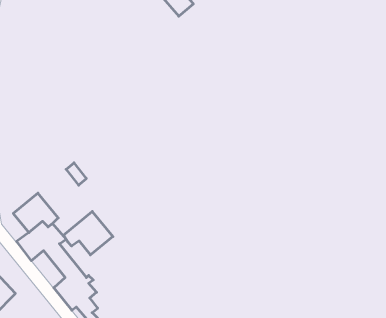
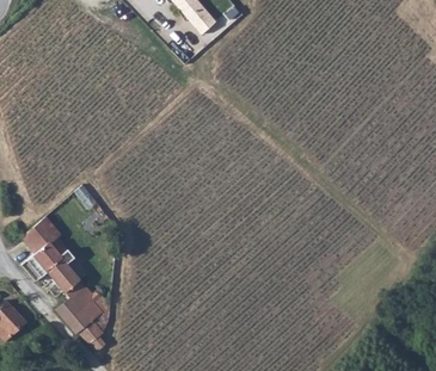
building: [63,211,113,255] -> none

